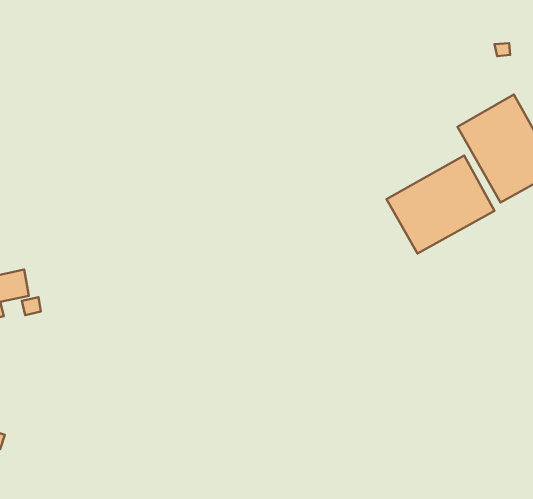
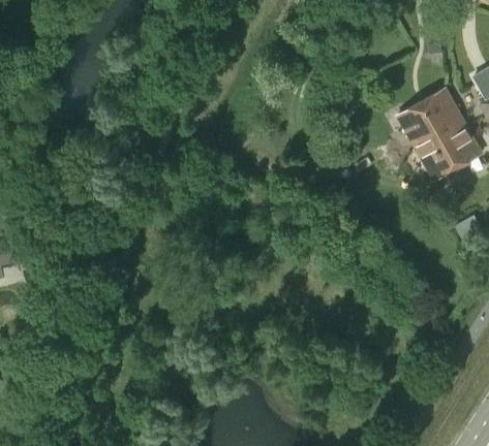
building: [386,155,494,253] -> none

